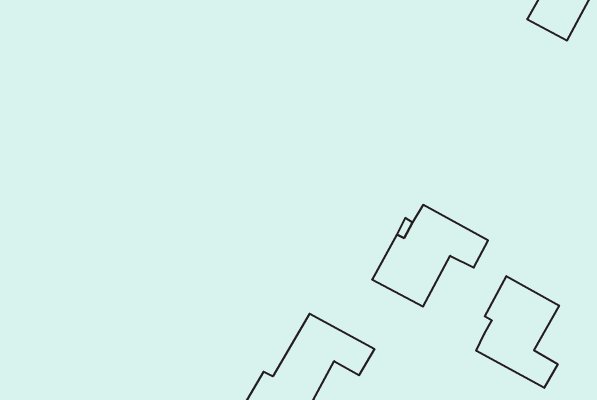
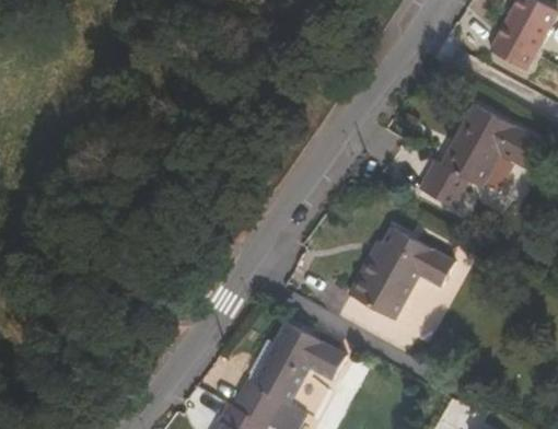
building: none -> [419,105,542,209]
building: [476,276,559,388] -> none

